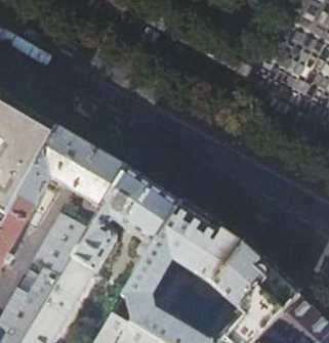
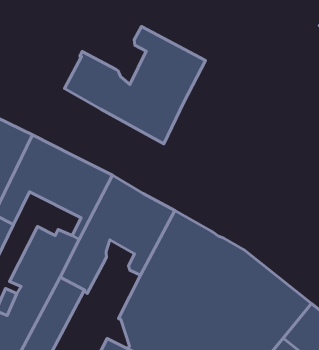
building: none -> [65,27,206,144]

